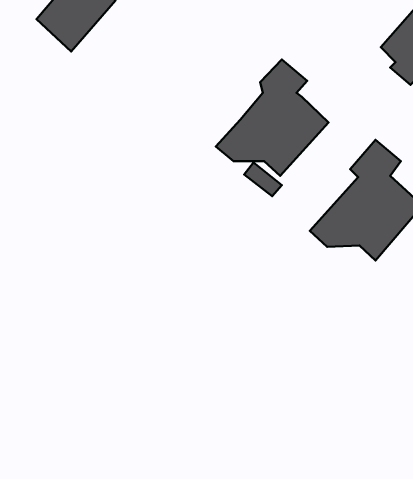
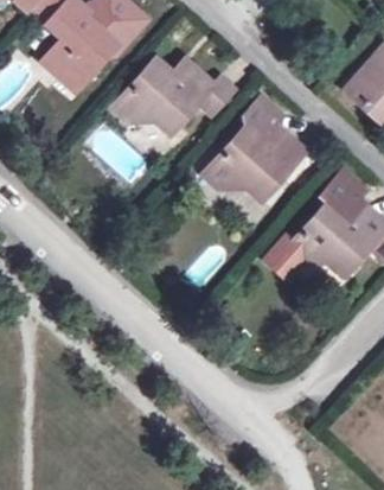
building: none -> [114,58,233,133]

